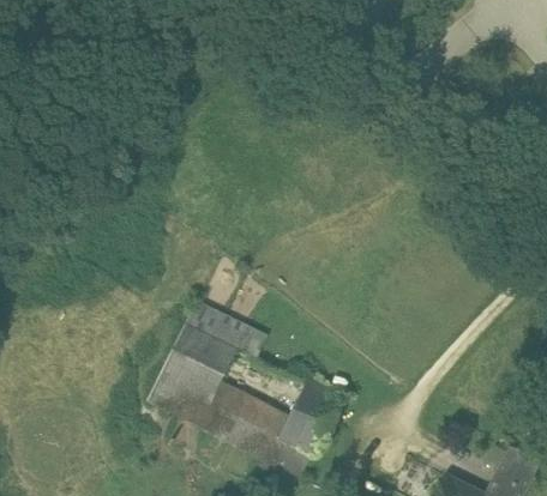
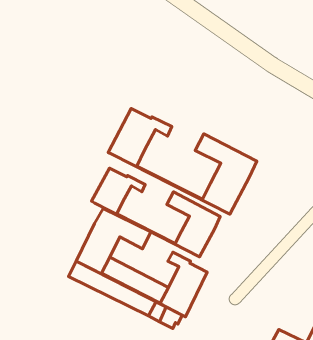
building: none -> [108,109,257,214]
building: none -> [91,168,220,257]

